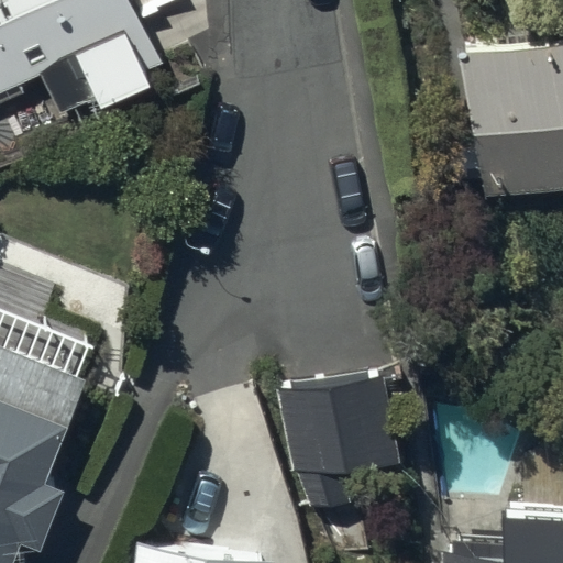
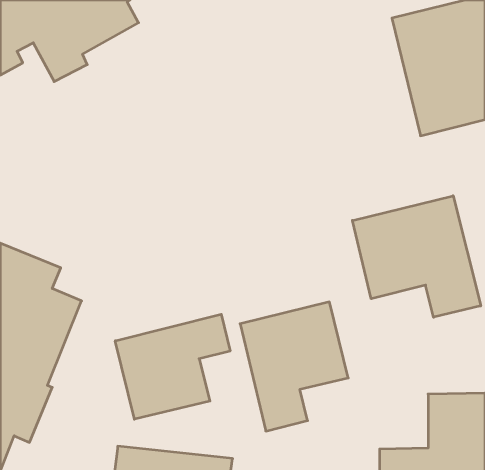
building: none -> [352,196,481,317]
building: none -> [115,314,230,419]

